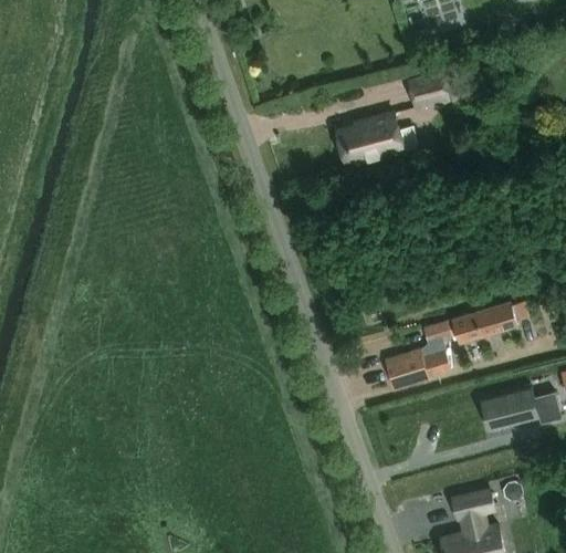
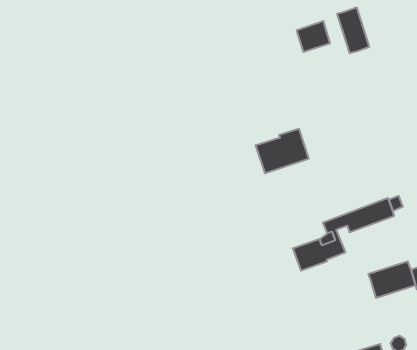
building: none -> [337,7,369,53]
building: [335,111,402,165] -> [255,129,309,173]

